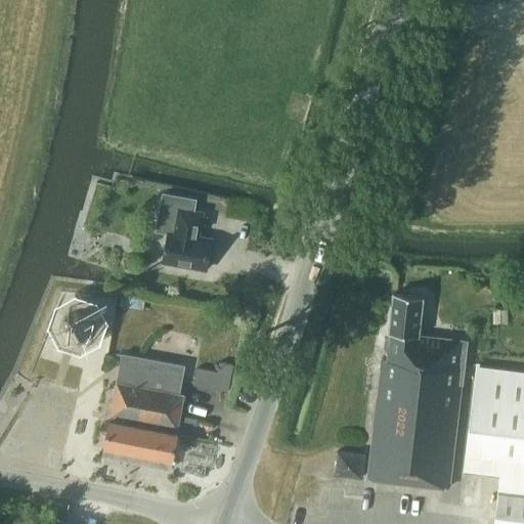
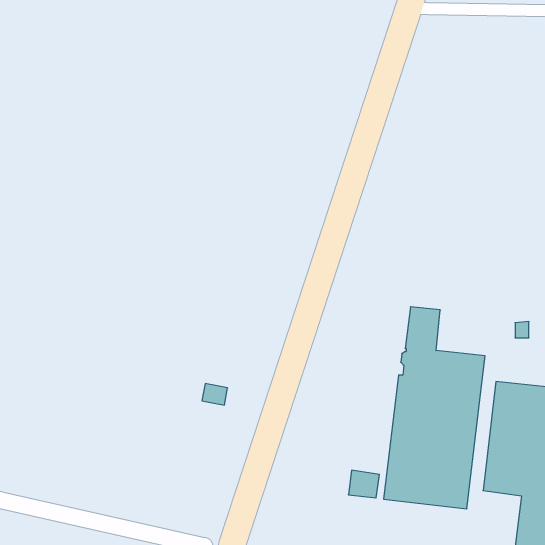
building: [158,195,212,270] -> none
building: [58,305,99,346] -> none
building: [103,355,184,470] -> none

